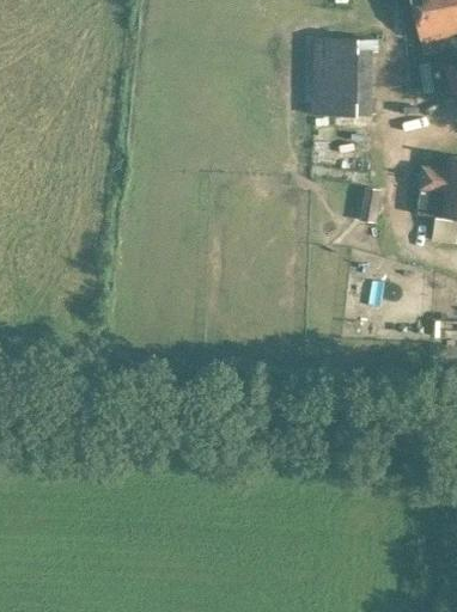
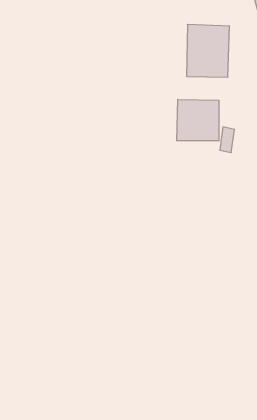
building: none -> [177,99,219,141]

